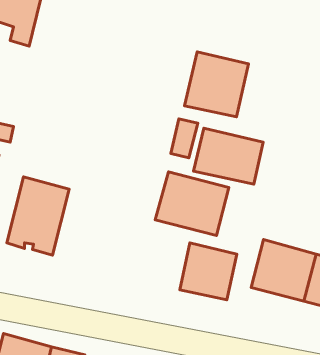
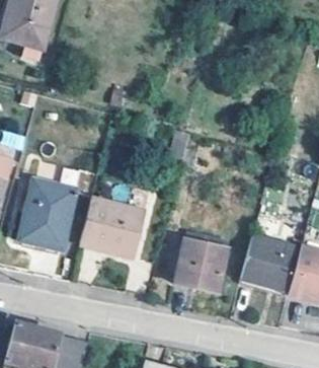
building: [185,52,249,117] -> none
building: [194,128,263,184] -> none
building: [155,172,229,236] -> [79,200,146,257]

